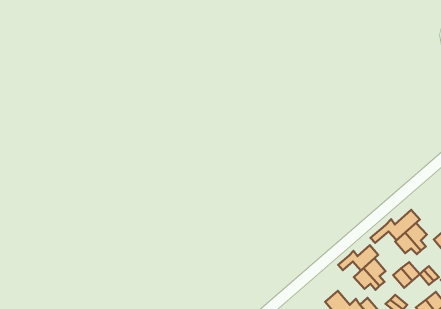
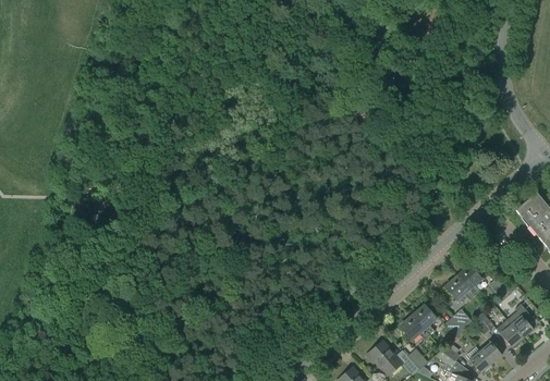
building: [371,210,420,243] -> none
building: [338,245,378,270] -> none

